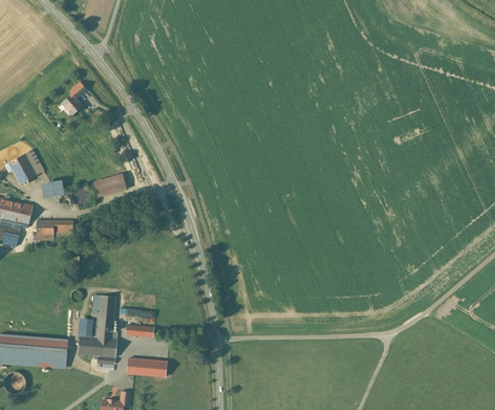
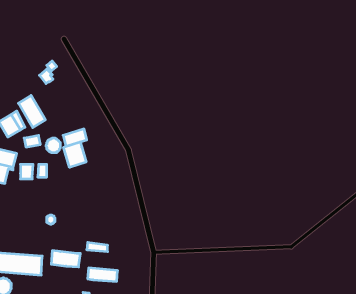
building: none -> [18,95,45,128]
building: none -> [64,142,86,167]
building: [91,295,116,339] -> none

